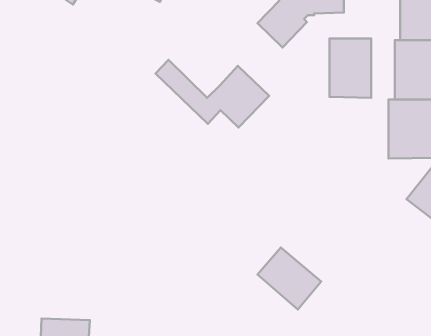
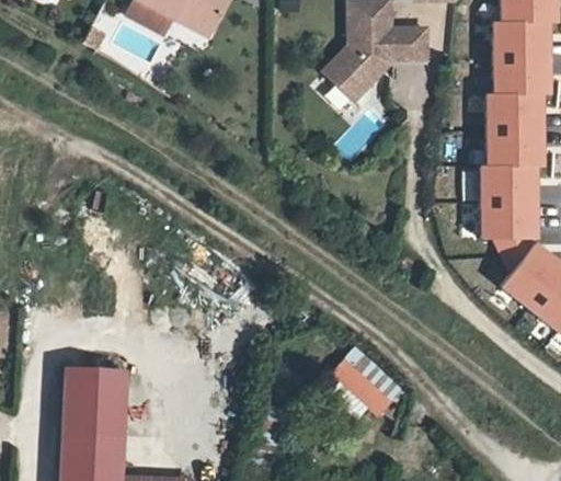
building: [330,38,371,98] -> none
building: [155,60,269,127] -> none
building: none -> [58,368,119,435]

